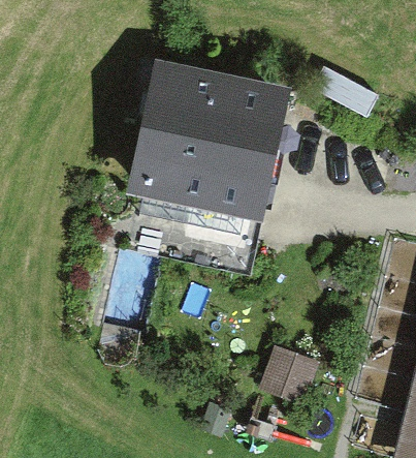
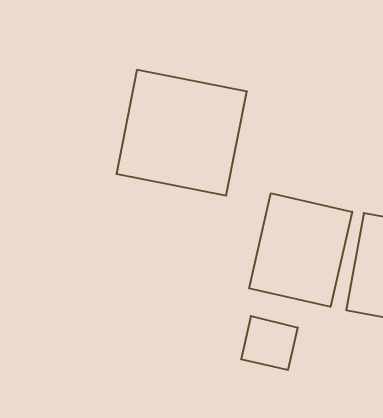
building: none -> [249,193,352,307]

